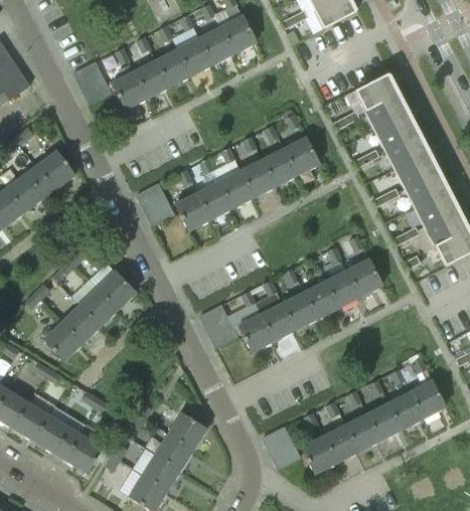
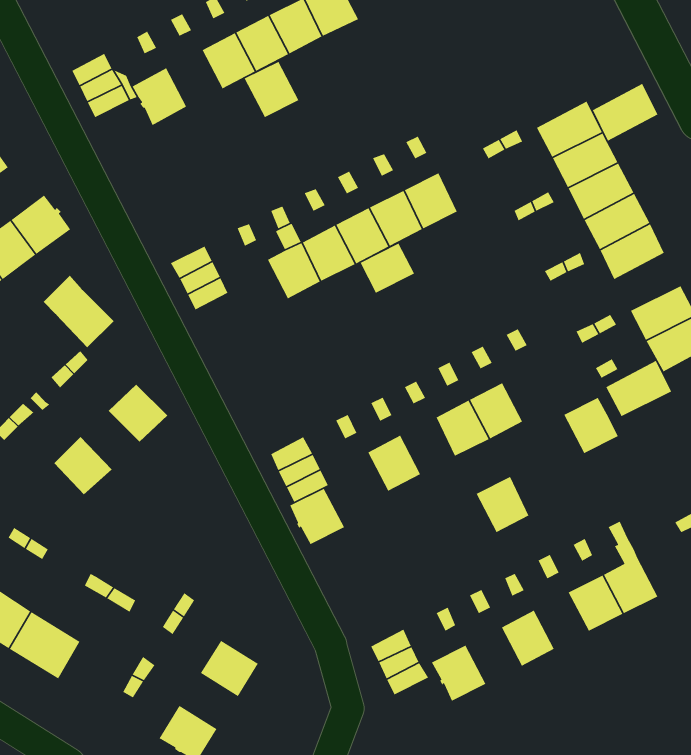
building: [133,60,168,97] -> [244,61,299,118]
building: [356,72,399,110] -> [592,83,659,142]
building: none -> [359,243,415,294]
building: [416,189,458,225] -> [605,360,672,417]
building: [174,193,209,229] -> none
building: [345,260,380,296] -> [563,397,619,454]
building: [70,280,116,326] -> [43,275,114,348]
building: [281,293,315,329] -> [476,476,530,533]
building: [238,315,273,351] -> [289,488,345,545]
building: [43,322,81,359] -> none
building: [365,403,400,440] -> none
building: [167,412,204,449] -> none
building: [322,425,357,462] -> none
building: [64,435,101,472] -> none
building: [141,455,178,490] -> none

